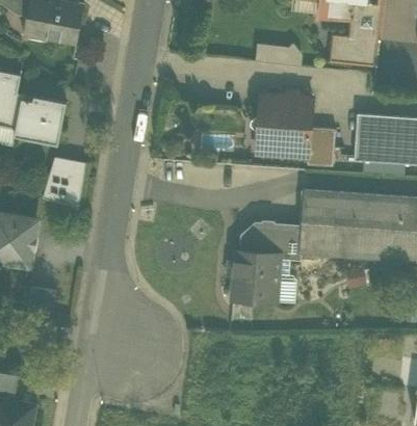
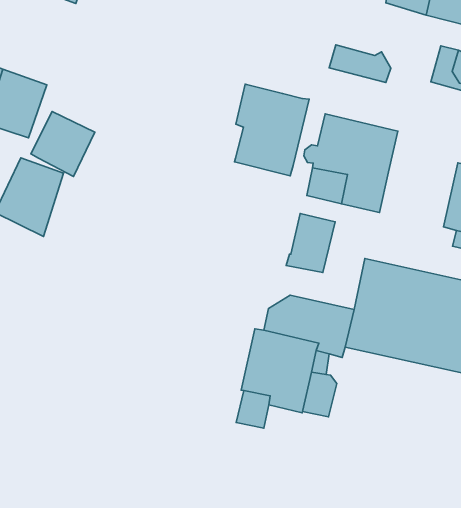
building: none -> [234,84,309,176]
building: none -> [31,111,95,177]
building: [307,127,336,165] -> [286,214,335,273]

